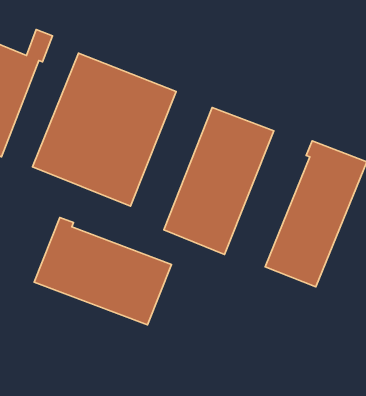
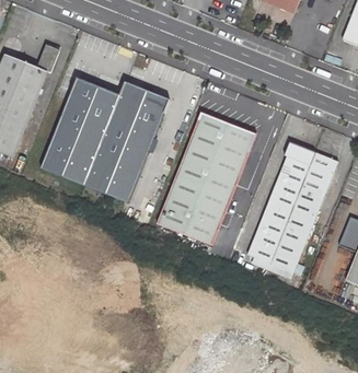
building: [34,218,172,325] -> none

